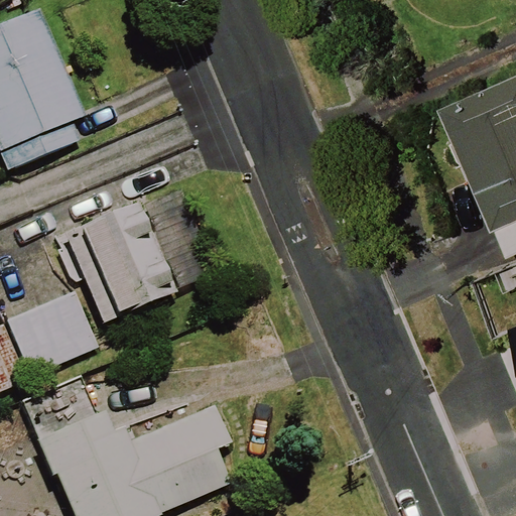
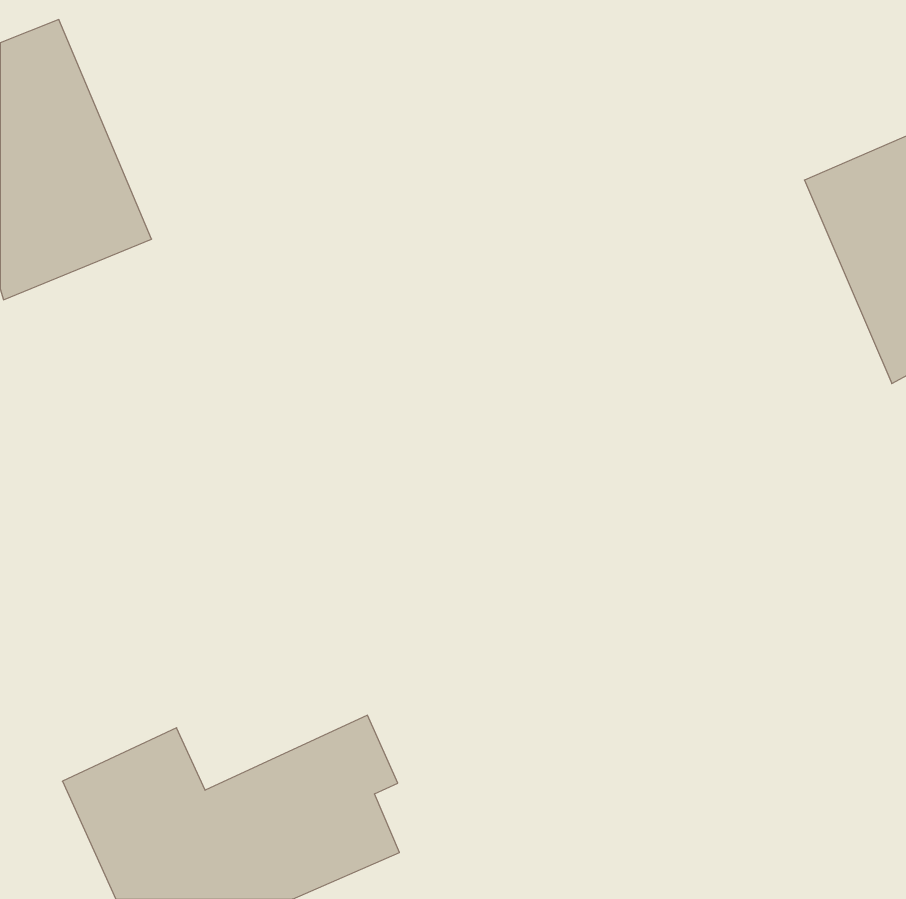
building: [61,202,175,324] -> none
building: [8,291,97,373] -> none

